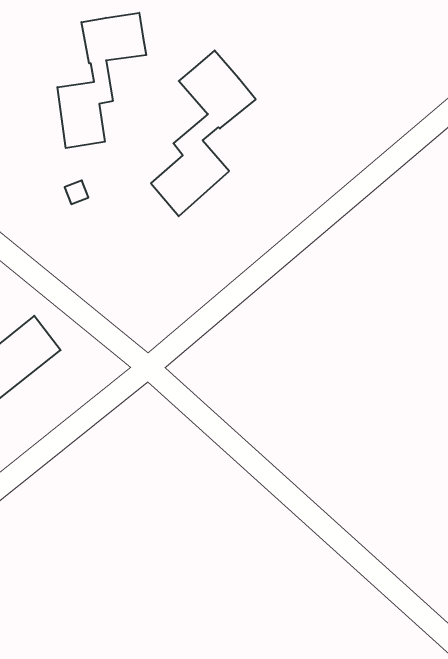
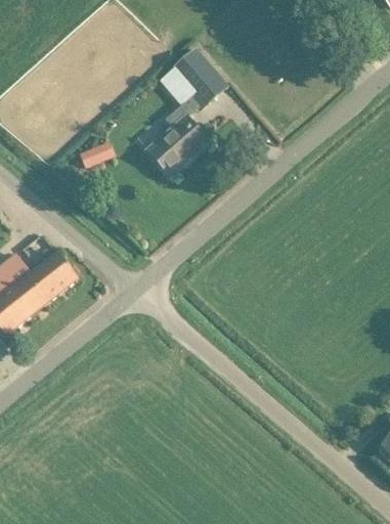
building: [57,13,146,148] -> none

